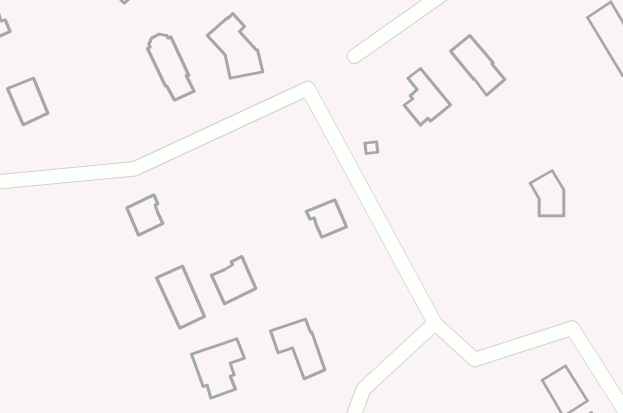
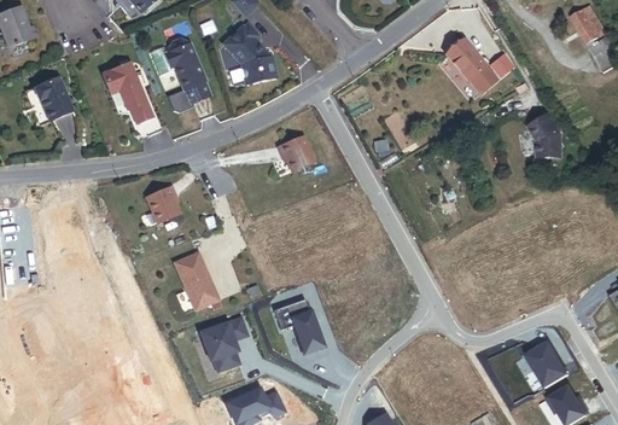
building: none -> [99,60,148,121]
building: [404,69,451,125] -> none
building: [530,170,564,216] -> [527,112,559,155]
building: [306,200,346,237] -> [275,136,313,171]
building: [212,257,256,304] -> none

